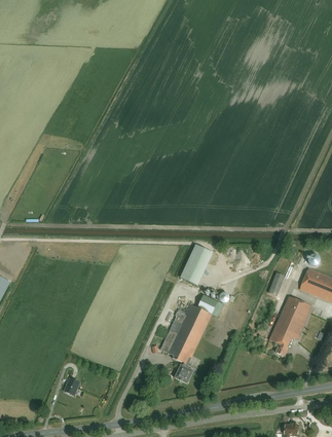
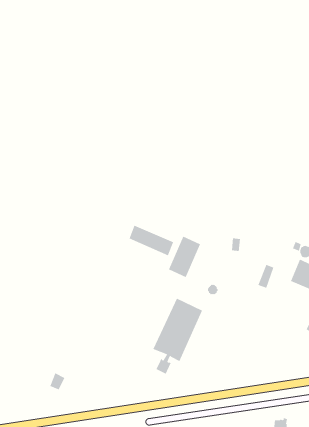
building: none -> [129,225,174,256]
building: [268,295,311,356] -> none

